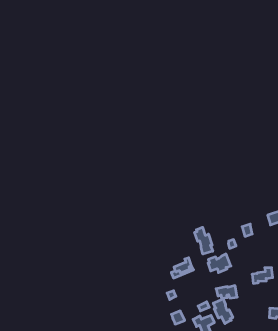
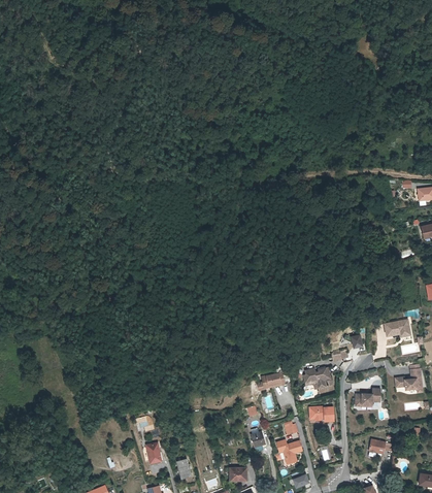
building: [195,227,213,254] -> none
building: [213,299,233,324] -> none

